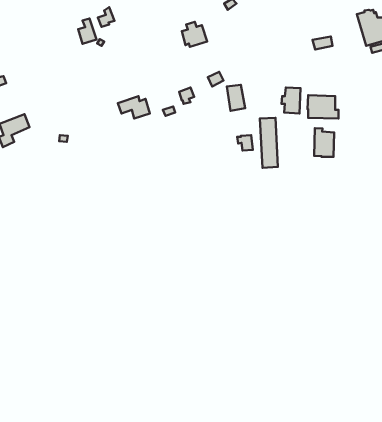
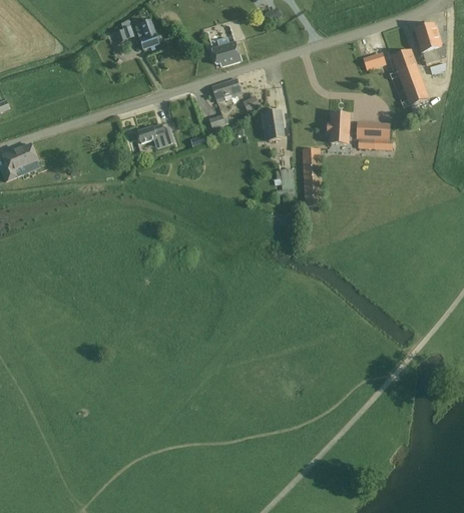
building: [78,19,96,44] -> [137,19,158,48]
building: none -> [389,49,428,106]
building: none -> [211,78,242,100]
building: [314,128,334,157] -> none

